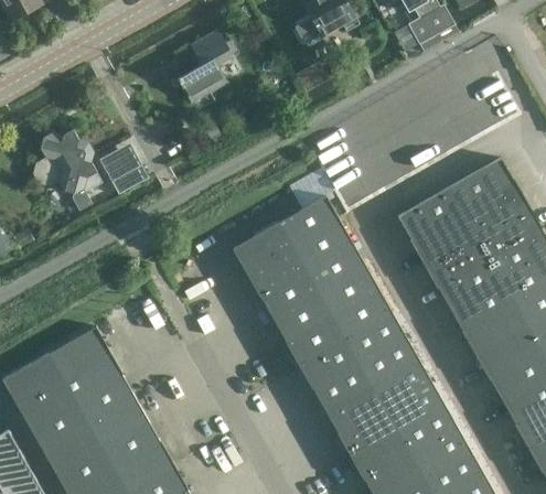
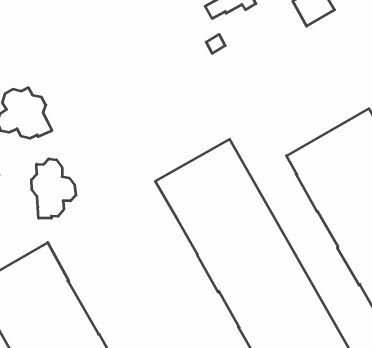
building: [176,31,231,104] -> none
building: [98,143,148,194] -> none
building: none -> [31,159,76,218]

